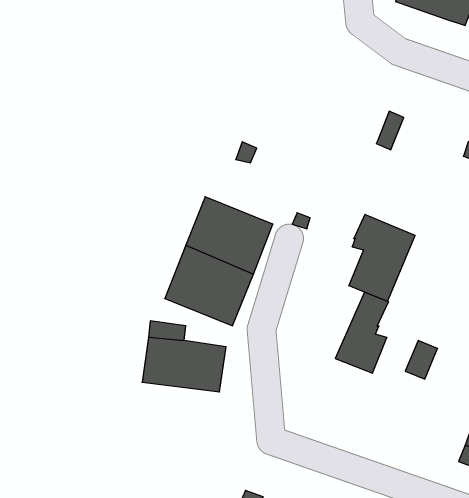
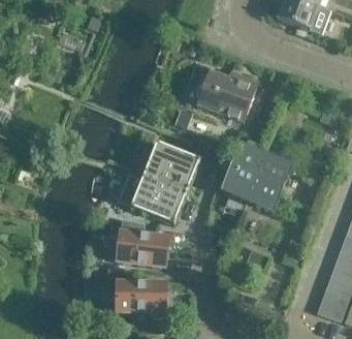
building: none -> [198,69,259,120]
building: [335,292,389,373] -> [224,147,258,198]
building: none -> [116,282,166,312]

